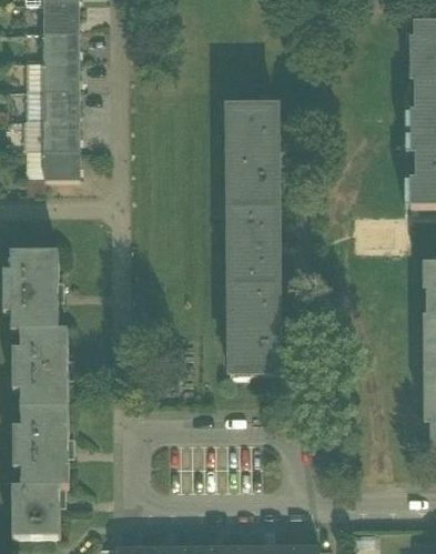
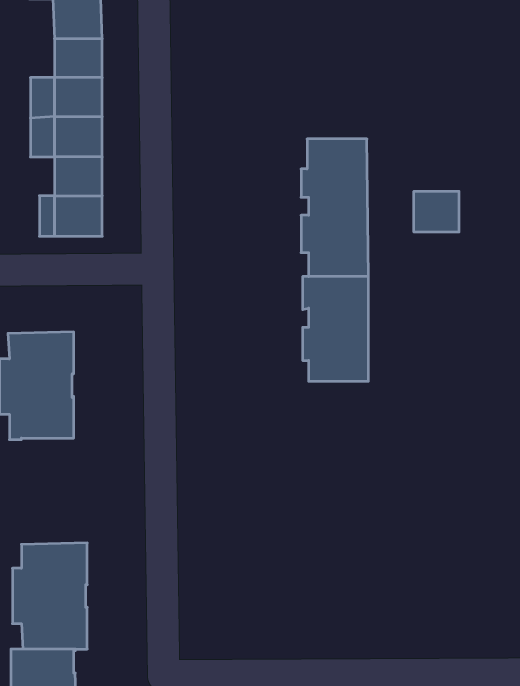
building: none -> [414,191,459,232]
building: [229,284,278,372] -> none
building: [12,326,69,405] -> none

